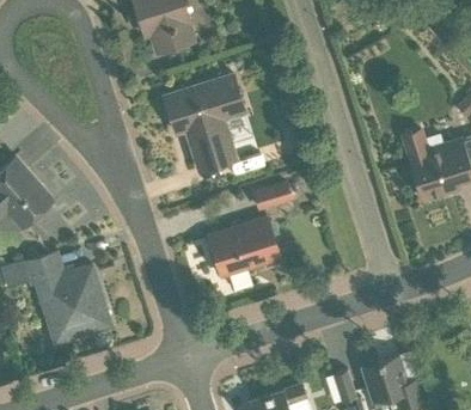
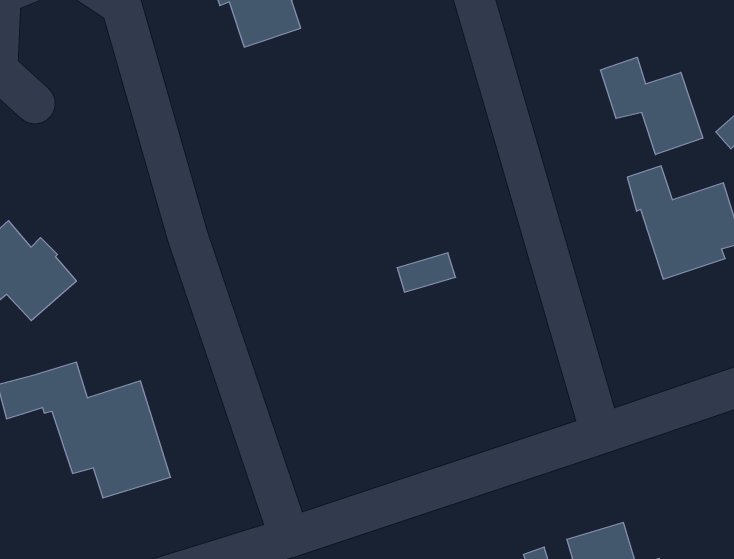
building: none -> [601,57,703,155]
building: [165,75,245,171] -> none
building: [208,216,281,277] -> none

